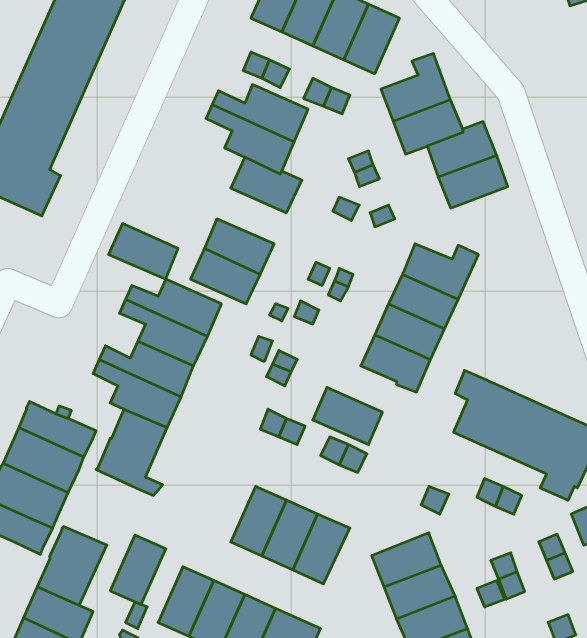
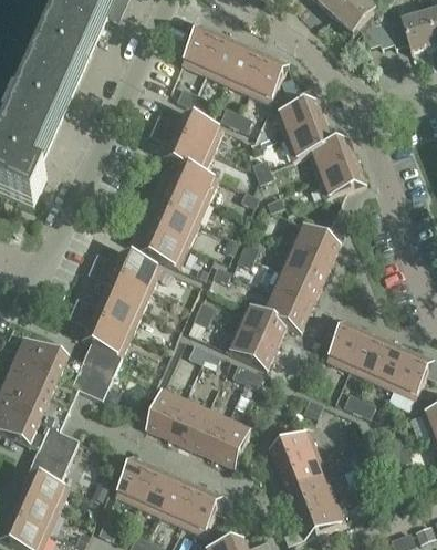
building: [109,224,178,279] -> [157,185,207,225]
building: none -> [236,305,285,345]
building: [110,535,166,605] -> [145,388,185,438]

